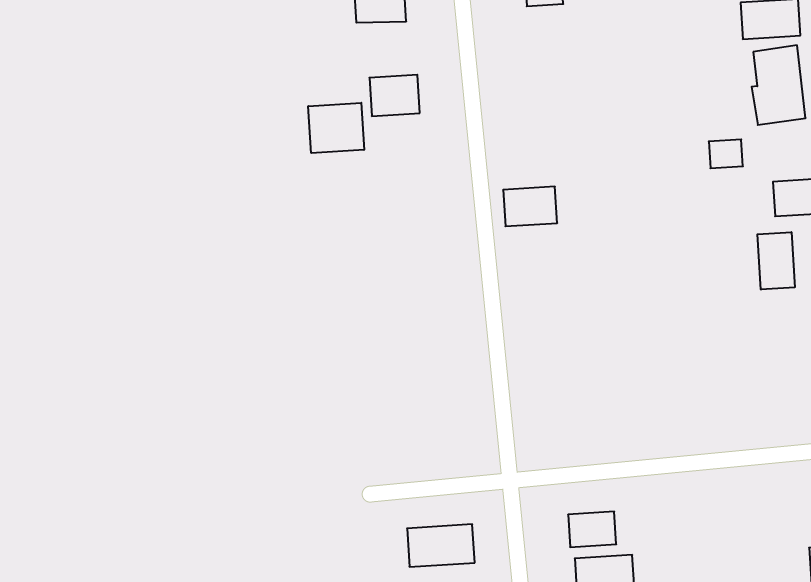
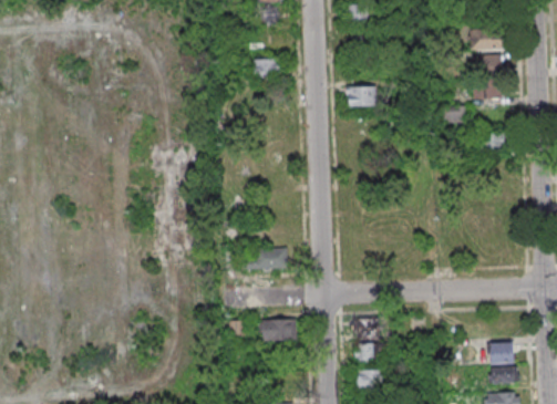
building: [308,103,364,153] -> none
building: [503,187,557,226] -> [347,87,377,108]
building: [757,232,795,290] -> none
building: none -> [243,249,287,269]

